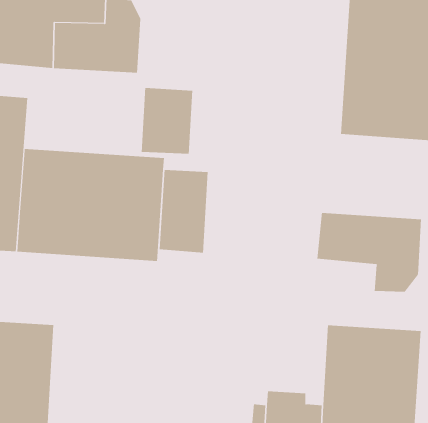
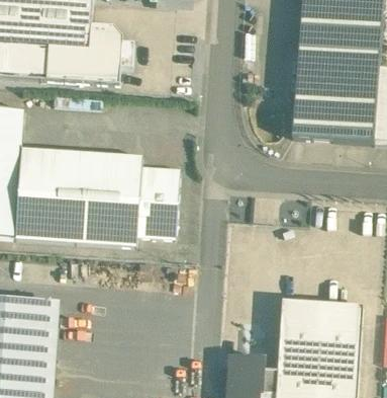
building: [141,87,193,154] -> none
building: [317,212,421,293] -> none

